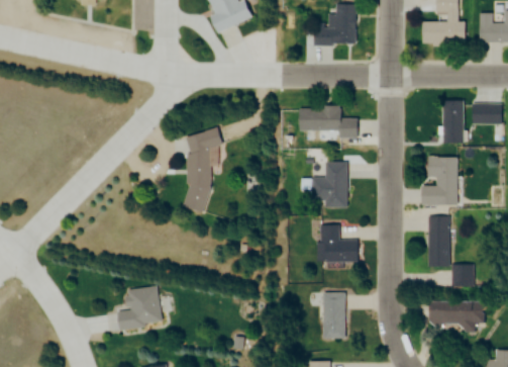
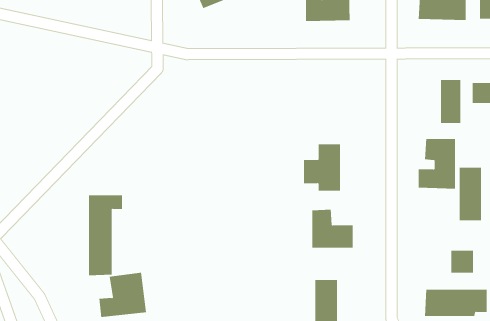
building: [299,106,358,136] -> none
building: [187,132,220,210] -> [88,195,123,276]
building: [429,215,451,267] -> [459,167,482,221]

